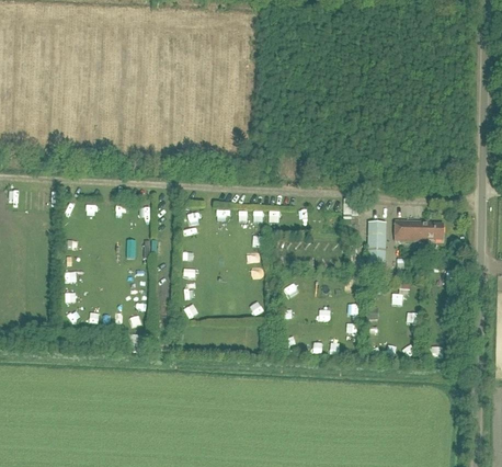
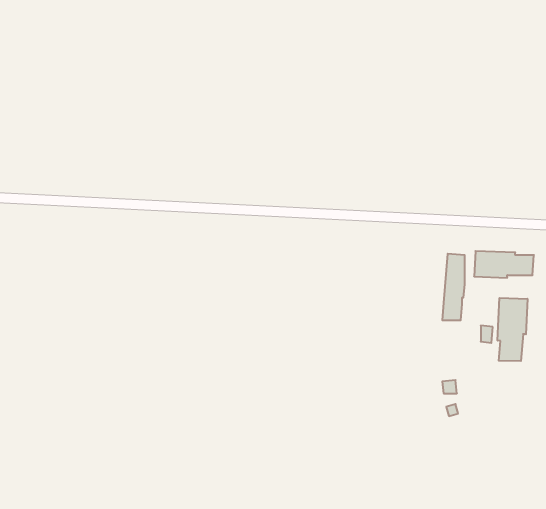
building: none -> [498,298,527,361]

